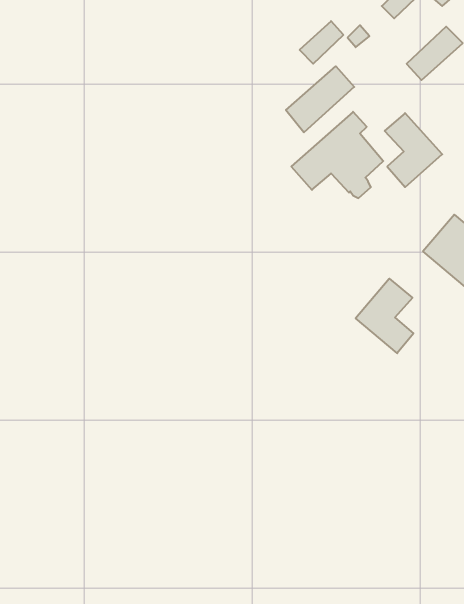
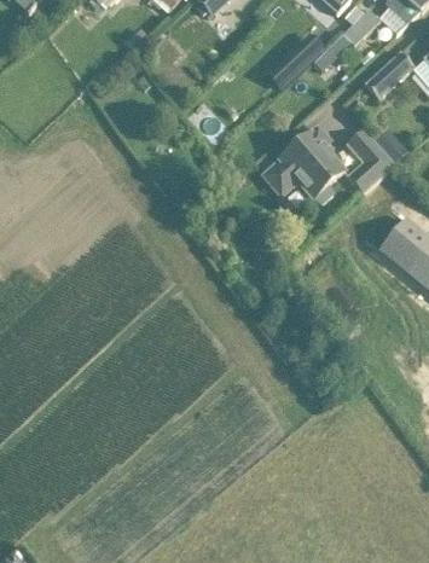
building: [286,66,354,132] -> none
building: [356,279,413,353] -> none

